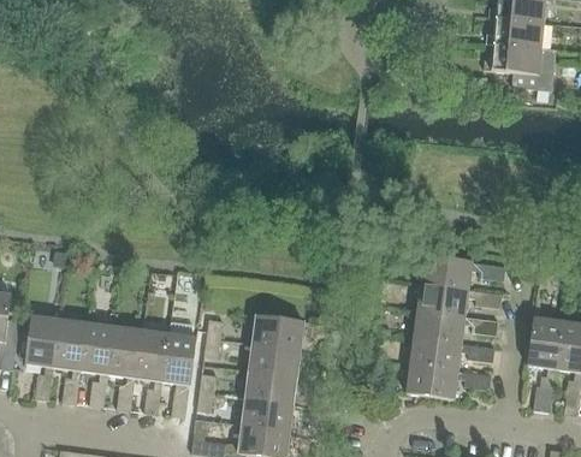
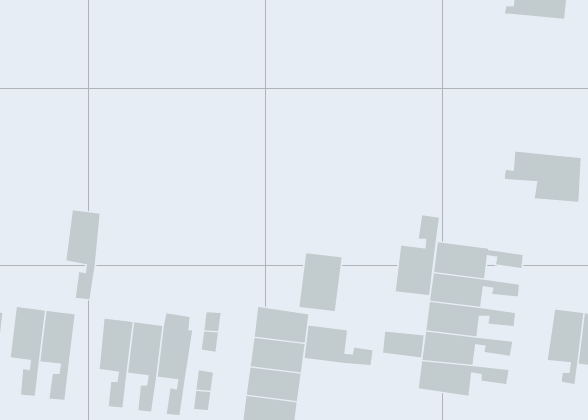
building: [482,43,555,91] -> [504,151,582,203]
building: none -> [395,215,440,296]
building: none -> [299,252,342,312]
building: [79,322,112,406] -> [66,209,101,300]
building: none -> [304,325,374,366]
building: none -> [382,331,425,358]

